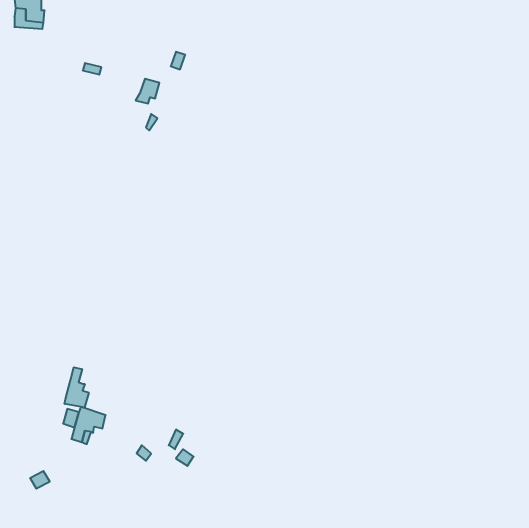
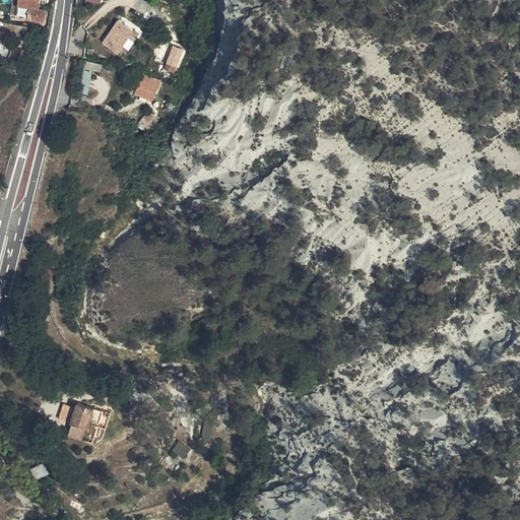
building: none -> [102,18,139,54]
building: [65,367,89,408] -> none

